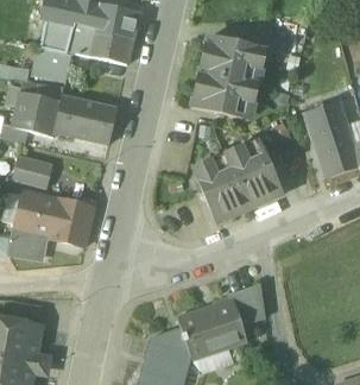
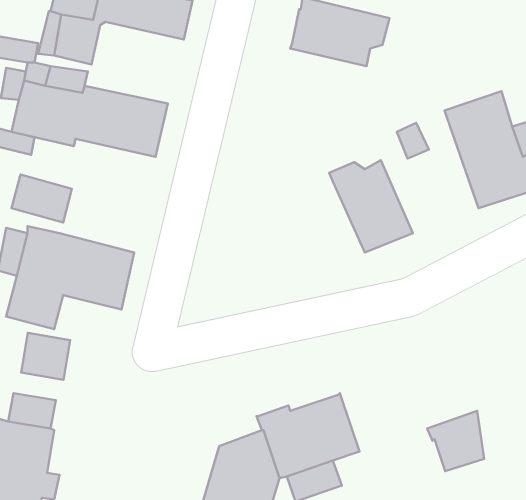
building: [191,71,257,118] -> none
building: [192,160,248,222] -> none
building: none -> [21,333,70,380]
building: [227,283,265,323] -> [427,411,484,471]

